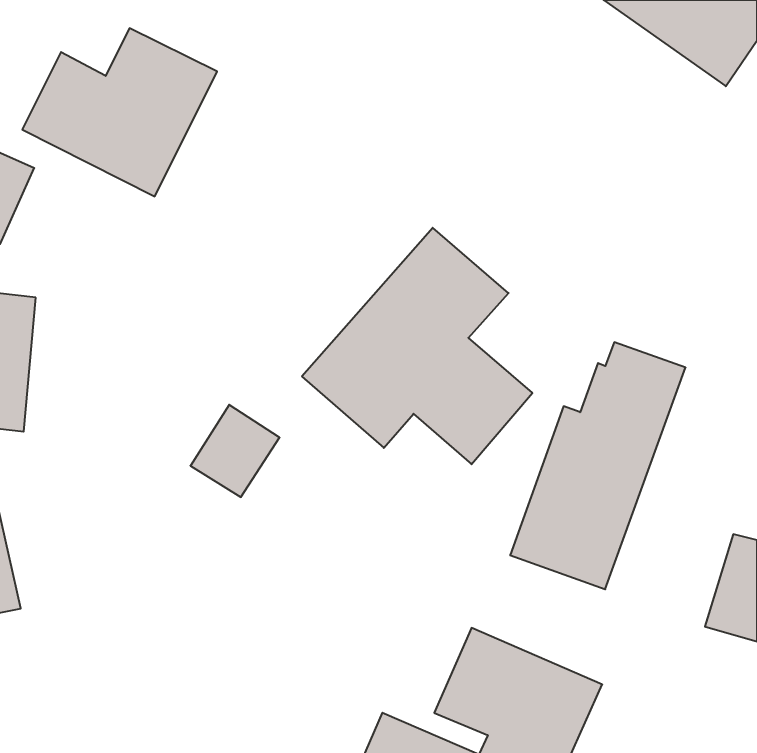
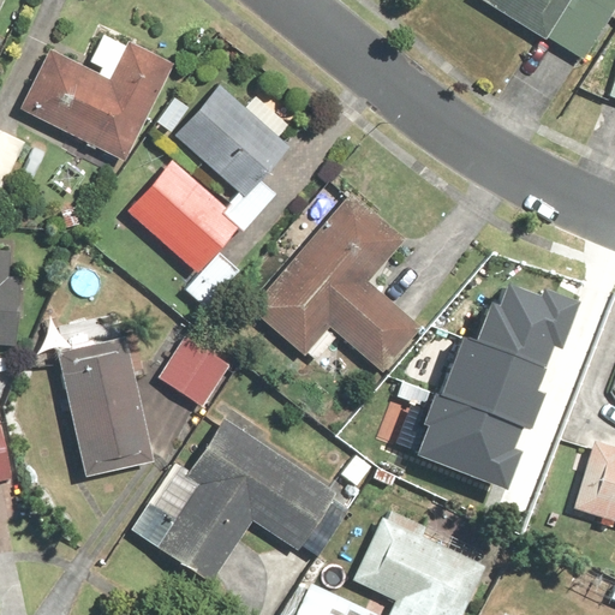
building: none -> [174,83,295,202]
building: none -> [125,160,269,315]
building: none -> [58,334,155,474]
building: none -> [155,416,348,586]

